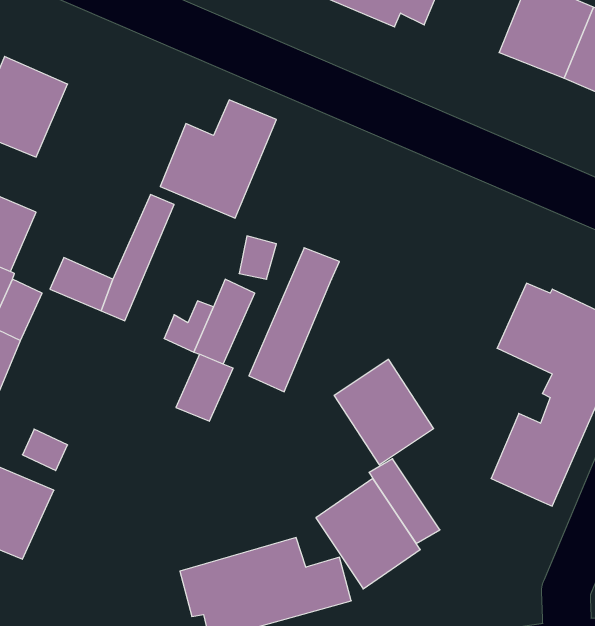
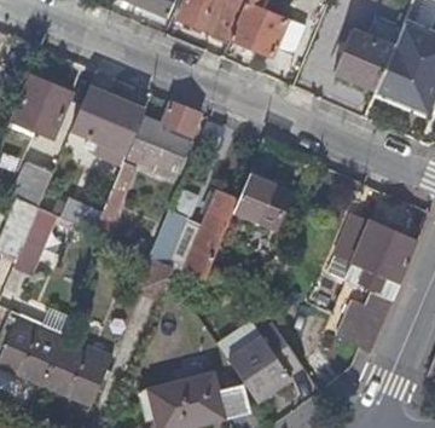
building: none -> [83,92,144,152]
building: none -> [233,174,289,229]
building: [334,359,434,465] -> none
building: none -> [44,341,114,404]

